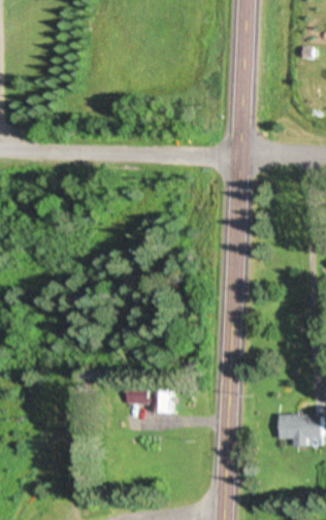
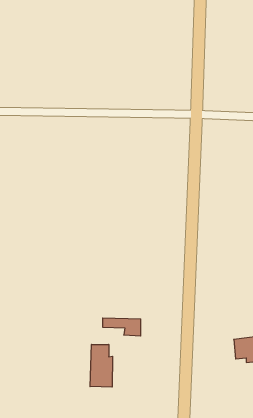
building: none -> [90,344,113,387]

